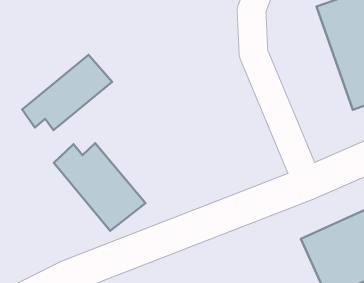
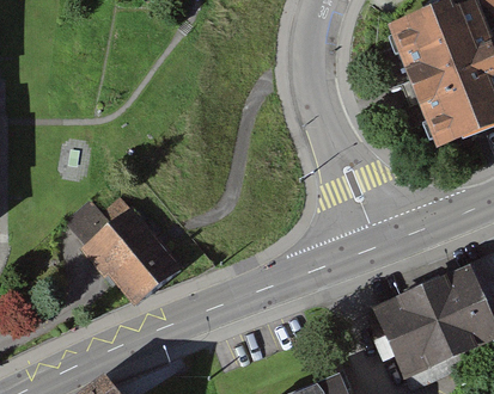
building: [22,55,112,130] -> none

